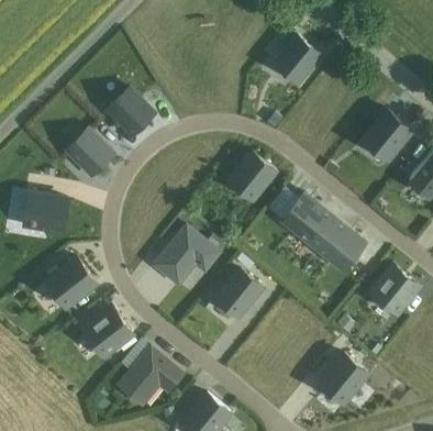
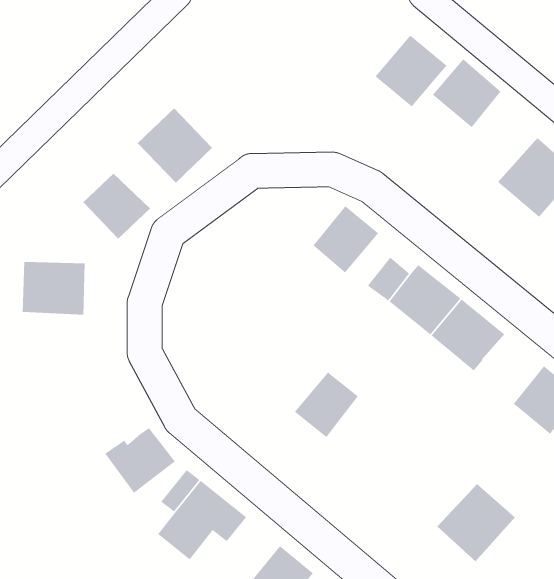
building: none -> [432,58,502,128]
building: [154,226,218,284] -> none
building: [45,258,95,308] -> none

